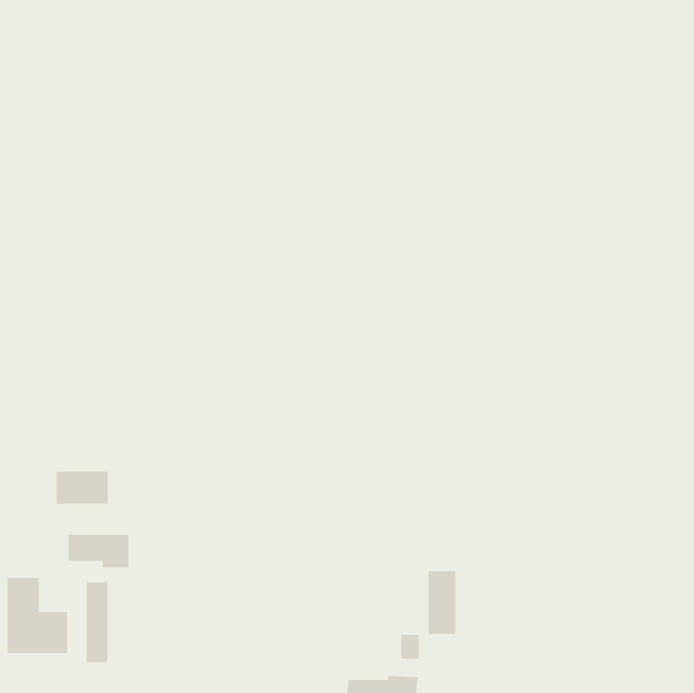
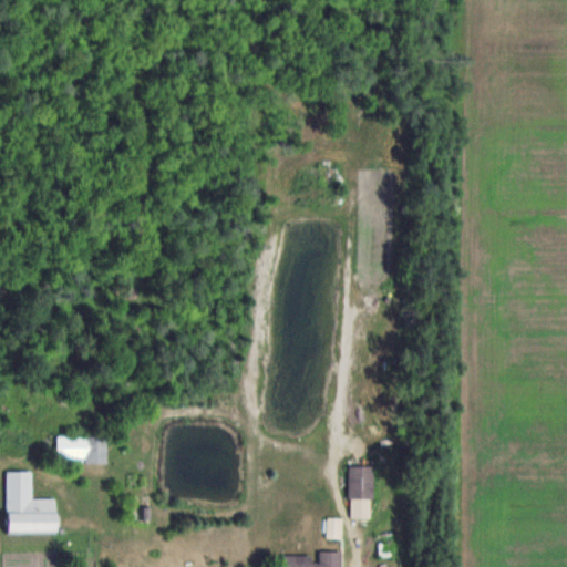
building: [56,471,108,504] -> none
building: [86,581,108,663] -> none

